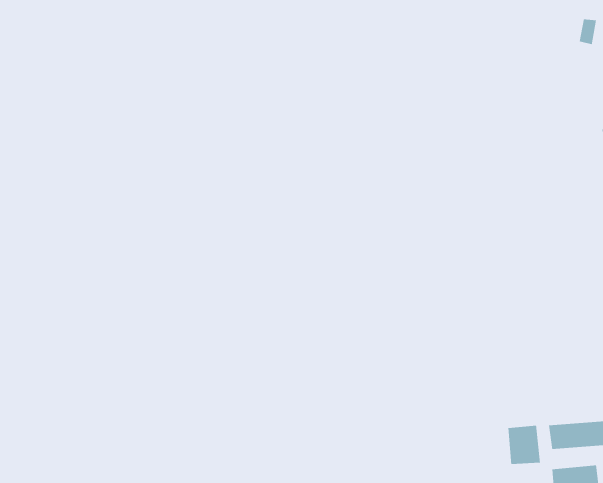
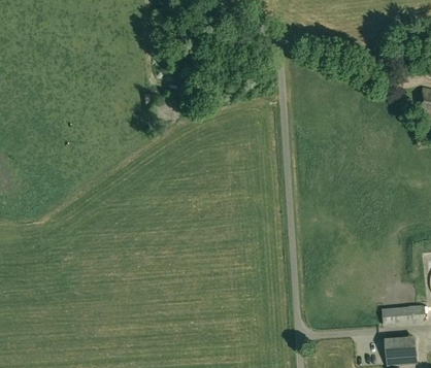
building: [508,425,541,465] -> none

